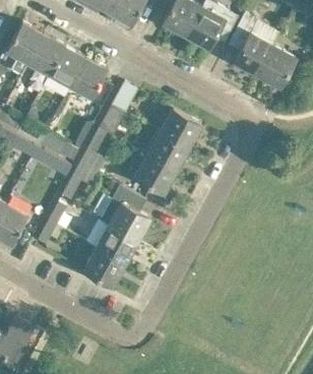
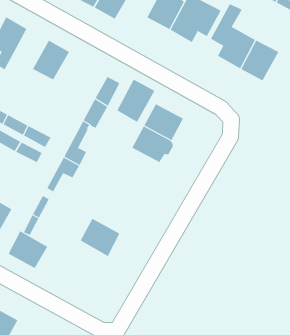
building: [28,35,65,75] -> none
building: [70,58,108,99] -> none
building: none -> [116,79,155,123]
building: [135,154,177,194] -> none
building: [100,185,150,241] -> none
building: [84,248,125,287] -> [8,231,48,269]

